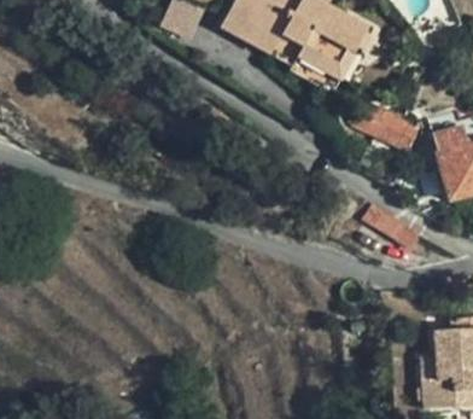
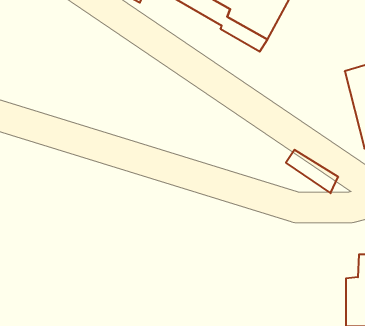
building: [361,100,421,149] -> none

